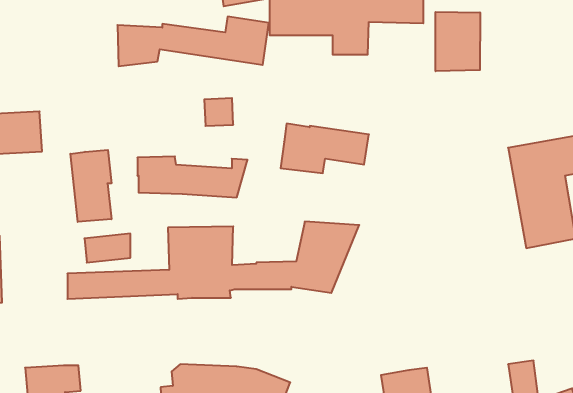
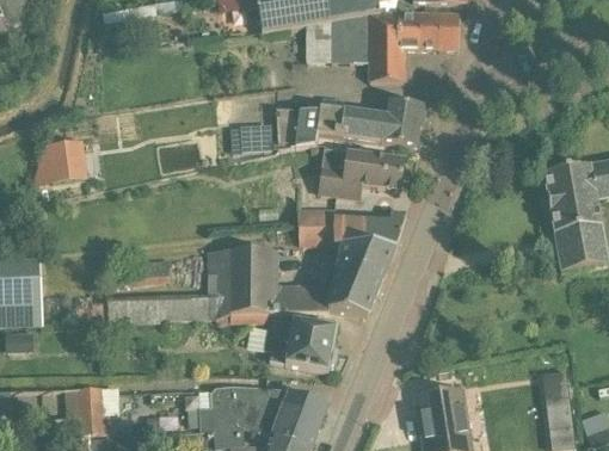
building: [436,12,480,71] -> none
building: [117,17,269,66] -> [276,99,425,148]
building: [70,150,111,222] -> none
building: [137,156,248,197] -> [297,208,406,248]
building: none -> [270,319,336,371]

